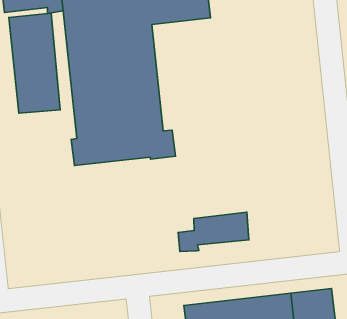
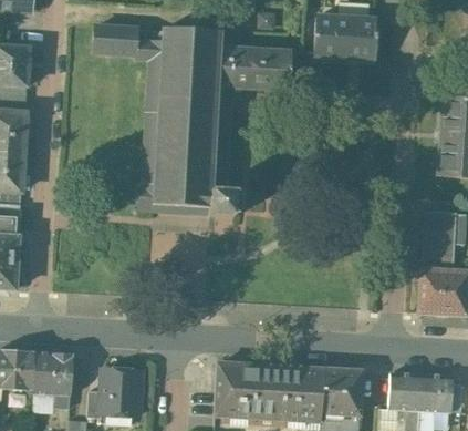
building: [9,13,60,113] -> none
building: [178,212,249,252] -> none

